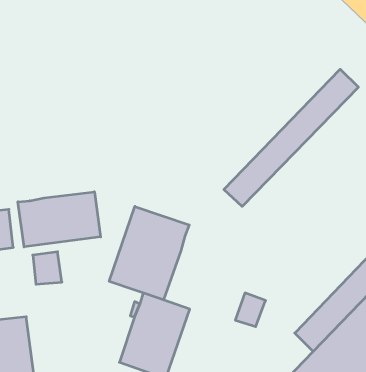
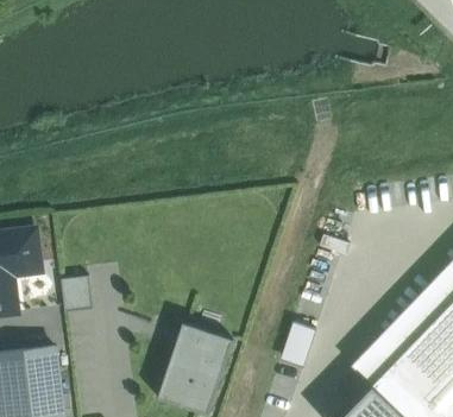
building: [224,69,358,206] -> none
building: [18,192,101,247] -> none
building: [109,206,189,300] -> none

